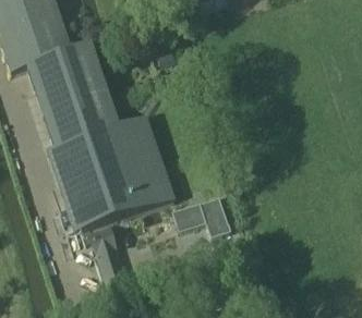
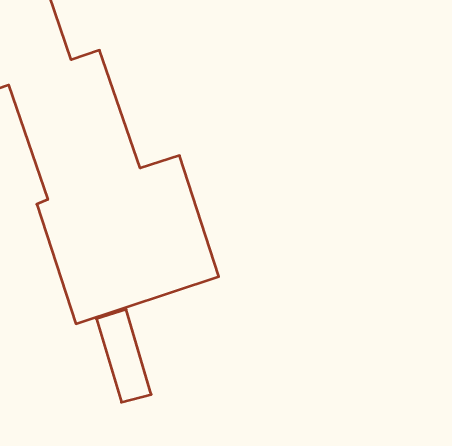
building: [171,198,220,233] -> none

